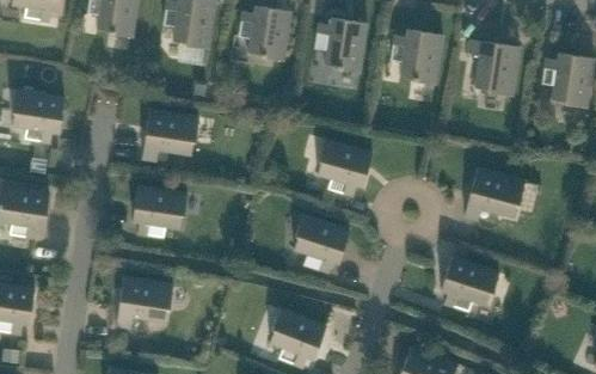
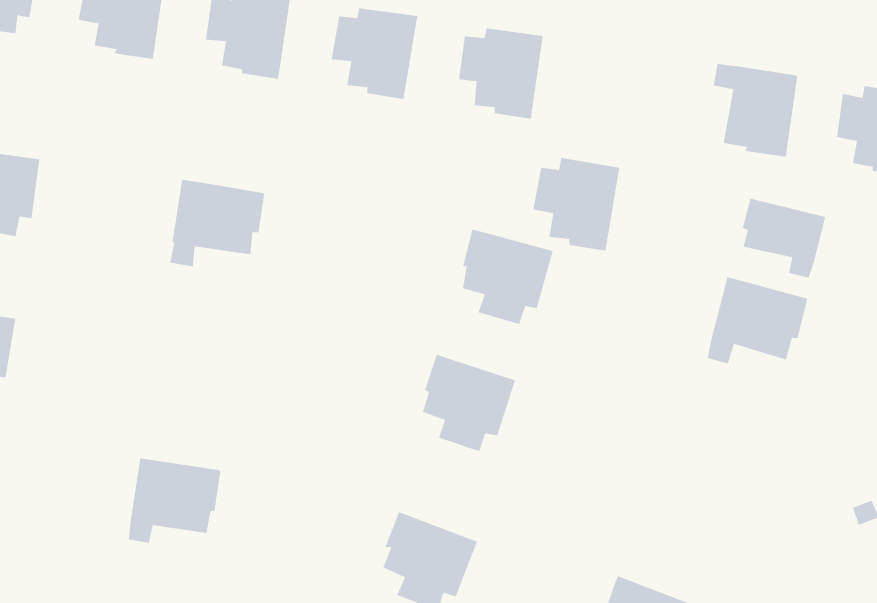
building: [391,29,443,85] -> [533,158,620,251]
building: none -> [742,198,826,279]
building: [133,185,188,238] -> none
building: [441,256,499,312] -> none

